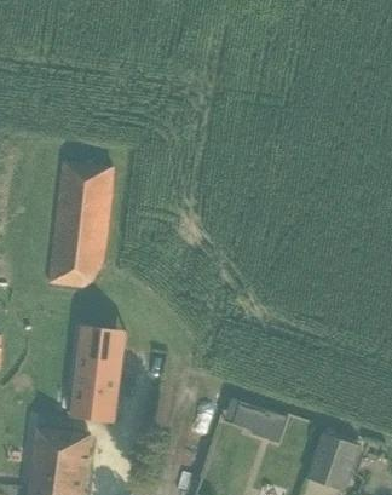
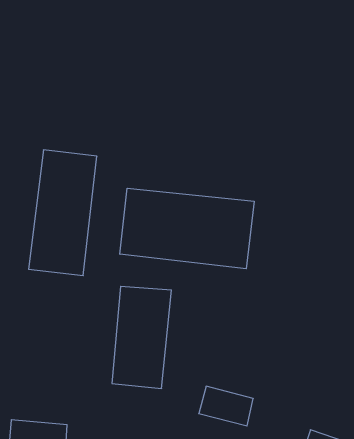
building: none -> [120,188,254,269]
building: [67,327,125,426] -> [112,286,171,388]

